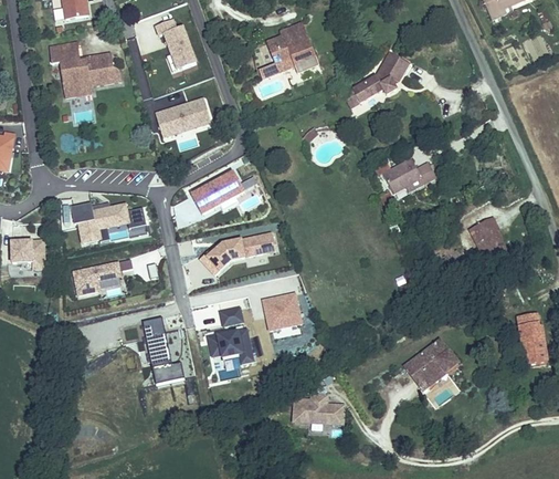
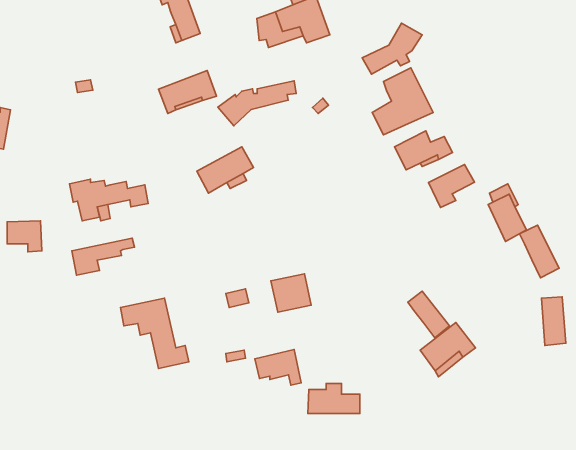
building: [51,43,122,101] -> none
building: none -> [372,68,433,135]
building: none -> [428,164,474,207]
building: [198,231,273,274] -> [218,81,296,126]
building: none -> [520,225,559,278]
building: none -> [408,291,450,338]
building: [207,327,251,362] -> [255,349,301,385]

